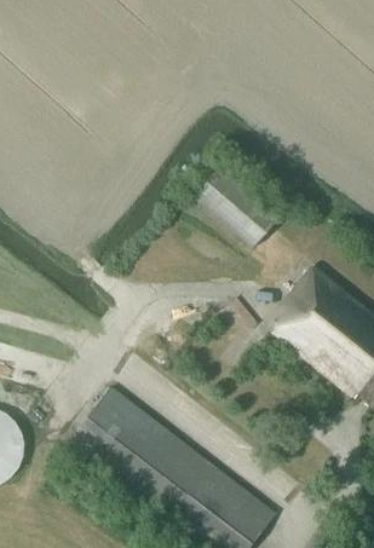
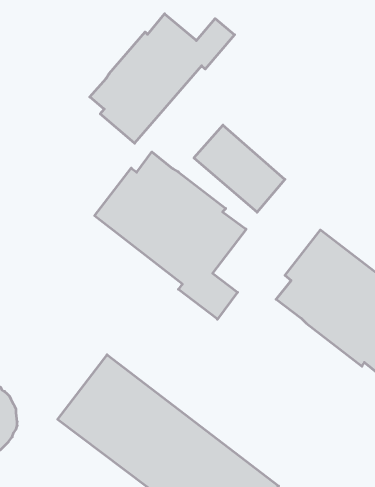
building: none -> [90,14,235,143]
building: none -> [95,152,246,319]

